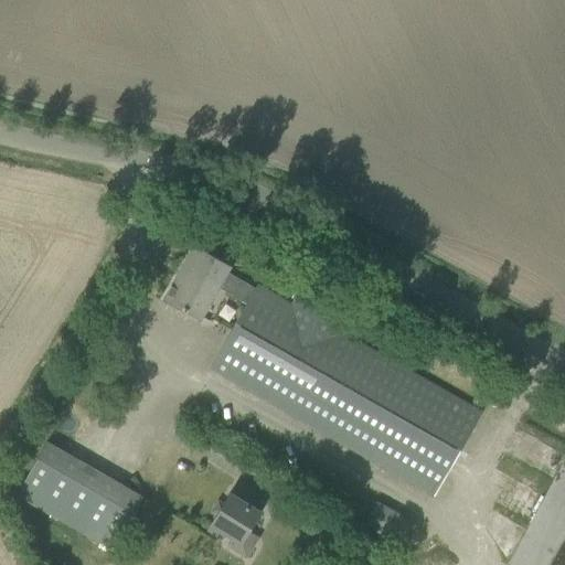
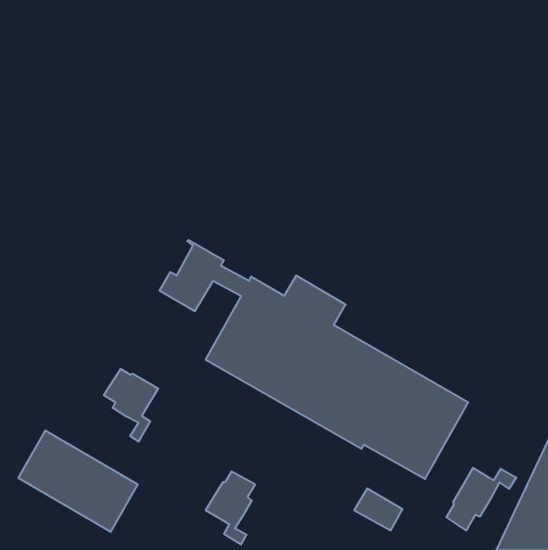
building: none -> [104,369,158,442]
building: none -> [446,468,516,530]

